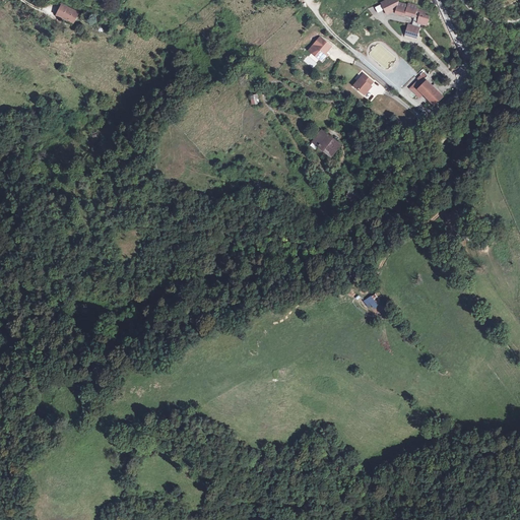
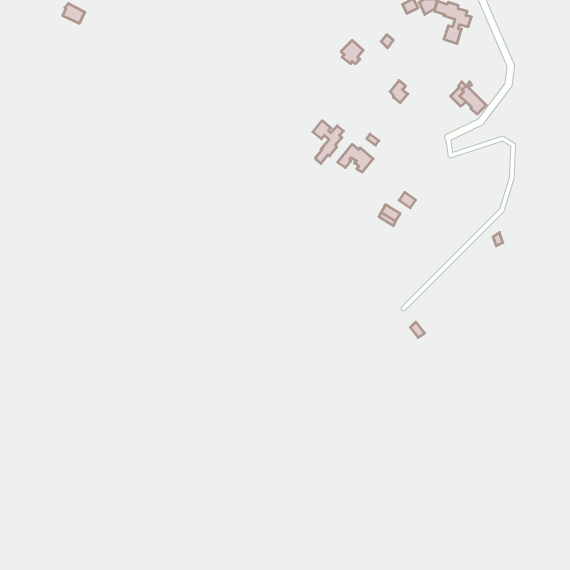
building: none -> [313,121,344,164]

